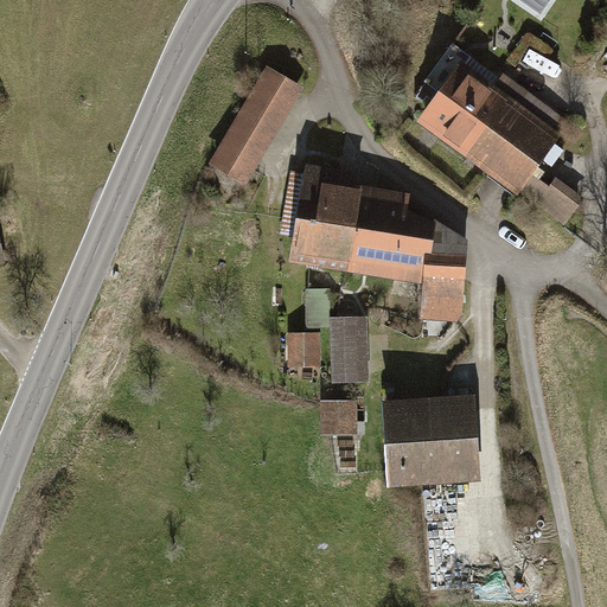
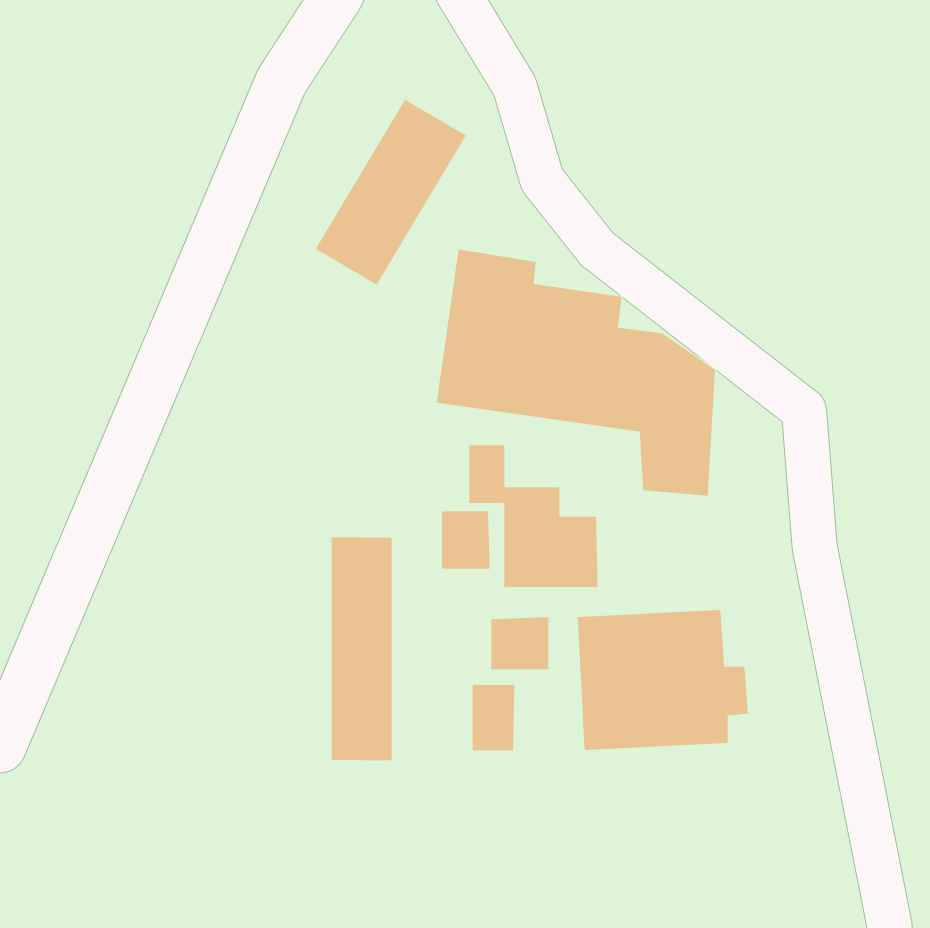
building: [409,43,584,226] -> none
building: none -> [331,536,392,761]
building: none -> [472,684,515,751]

